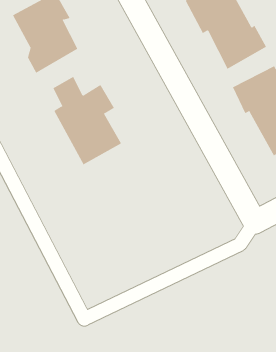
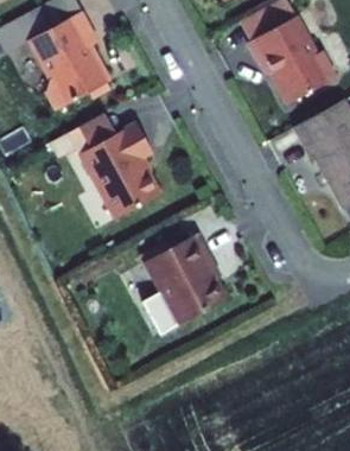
building: none -> [141,231,227,323]

